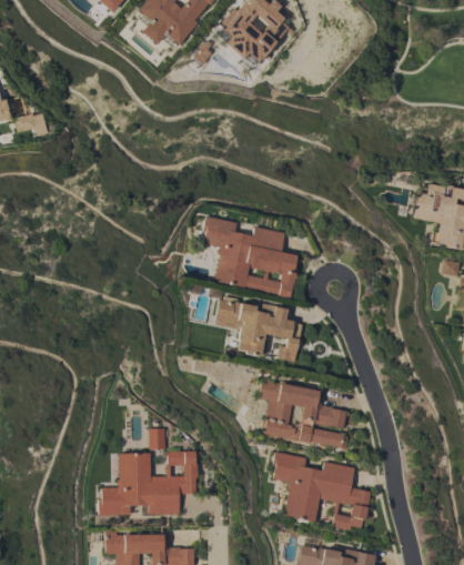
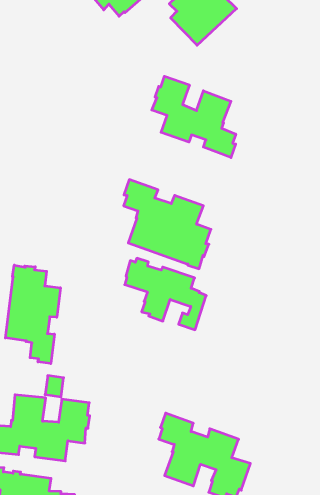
building: none -> [152,76,236,158]
building: none -> [5,265,60,364]
building: [260,380,349,447] -> none

